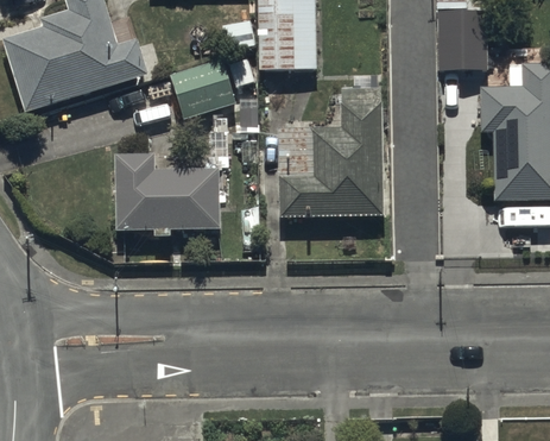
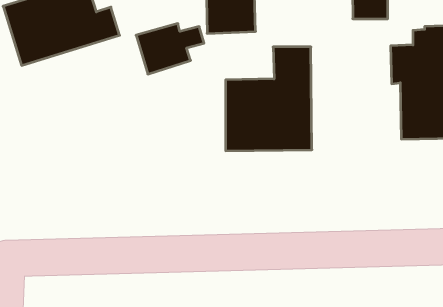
building: [114,155,220,238] -> none

